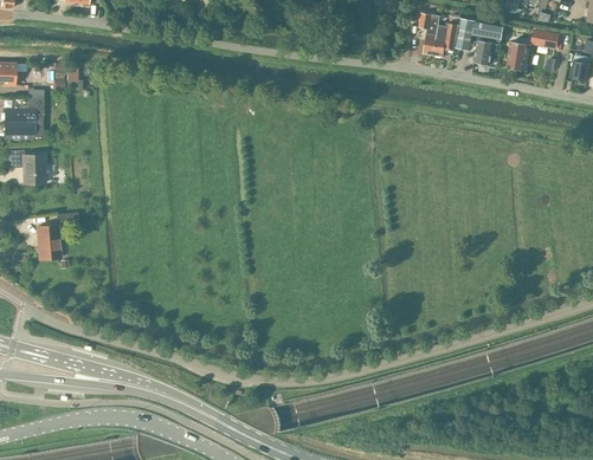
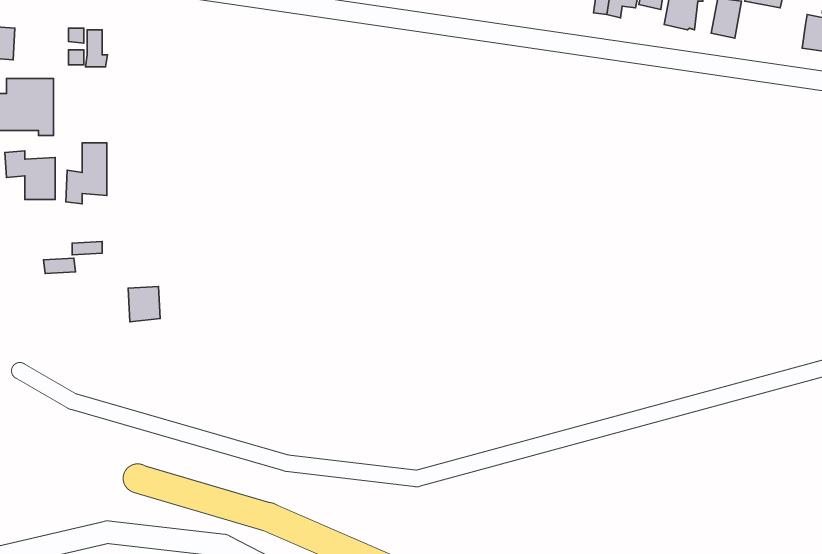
building: none -> [66,143,107,204]
building: [38,234,60,259] -> [128,287,160,322]

